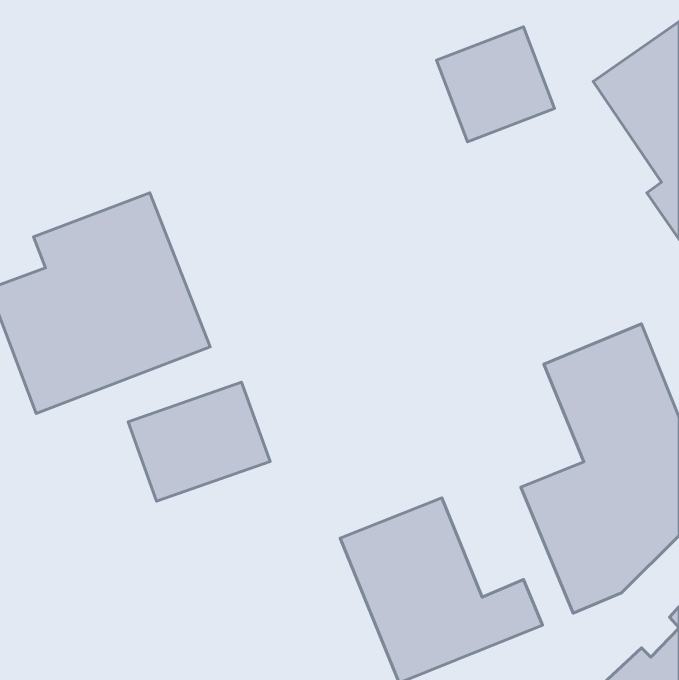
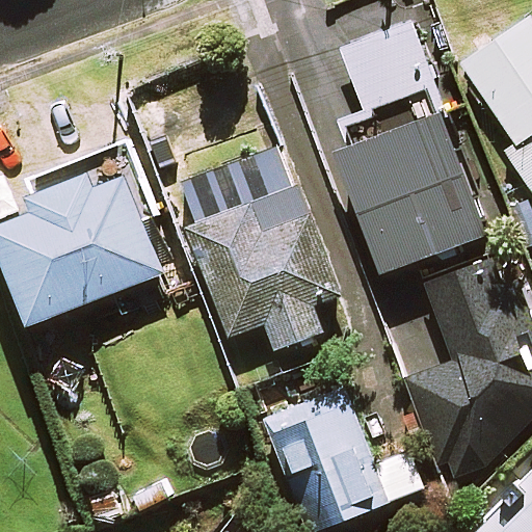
building: none -> [336,114,485,273]
building: none -> [182,150,325,350]
building: [128,382,270,501] -> none

